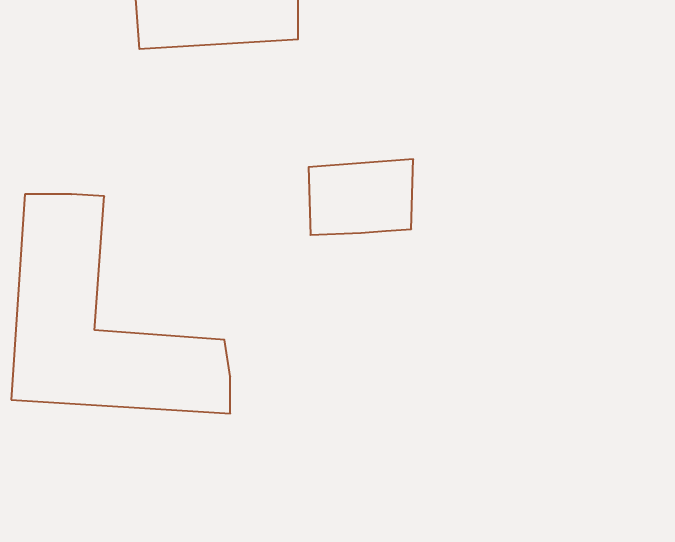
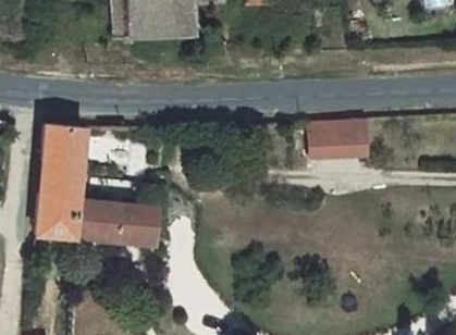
building: [309,159,413,235] -> [298,121,357,163]

